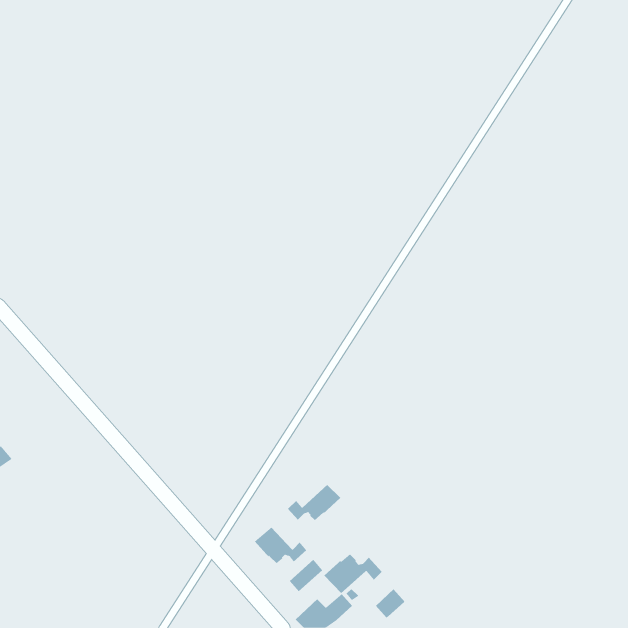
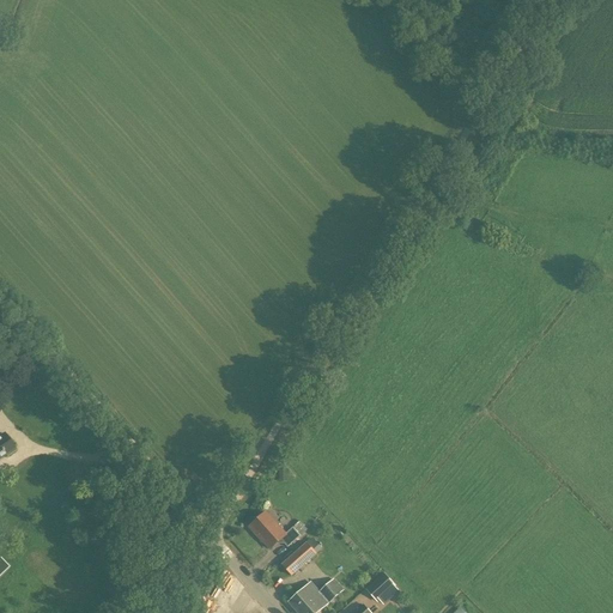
building: [287,484,341,521] -> none
building: [324,554,383,594] -> none

